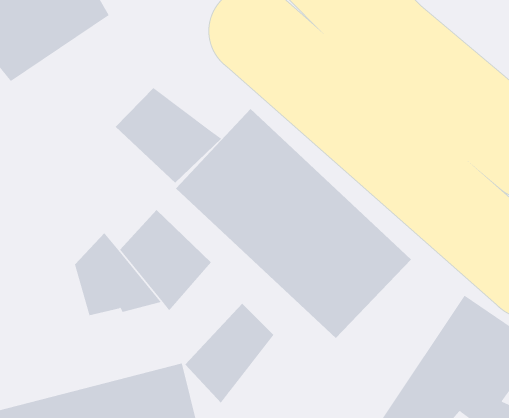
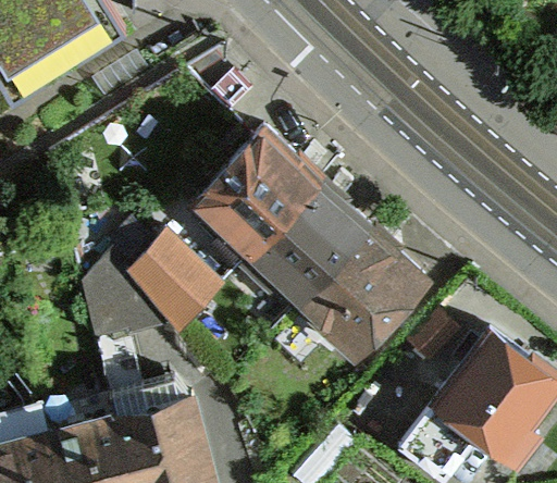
building: [115,87,222,183] -> none
building: [184,303,274,404] -> none

